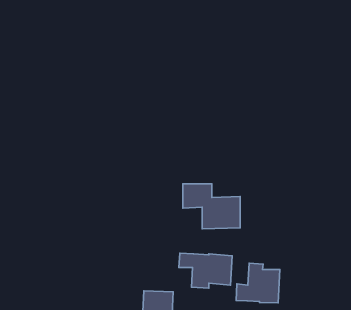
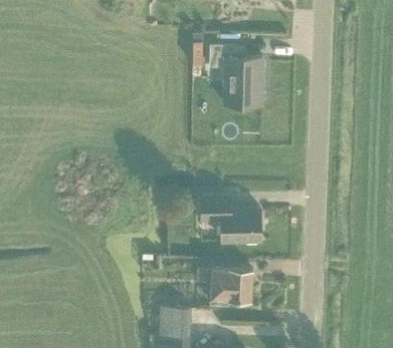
building: none -> [209,46,262,107]
building: [236,263,280,303] -> none

